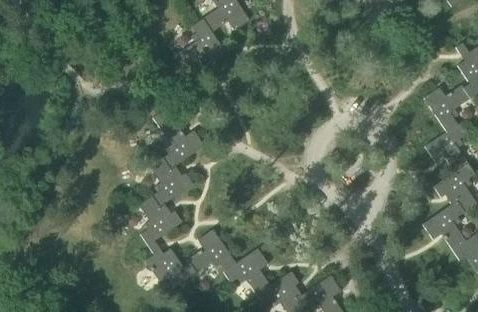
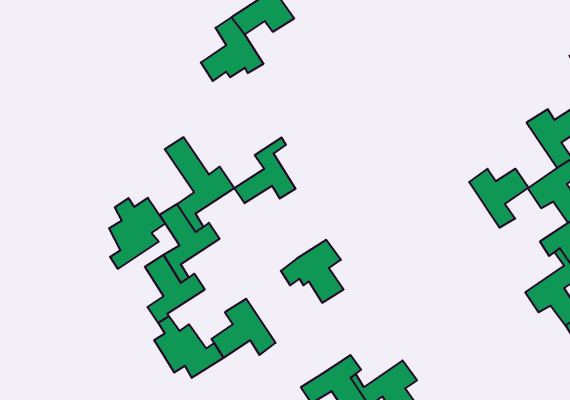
building: none -> [234,137,296,203]
building: none -> [469,169,529,228]
building: none -> [109,198,165,269]
building: [224,248,271,295] -> [281,240,344,303]

